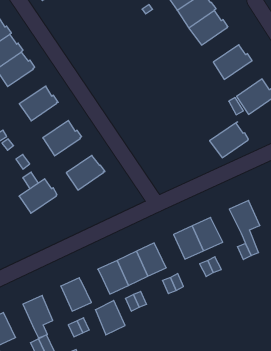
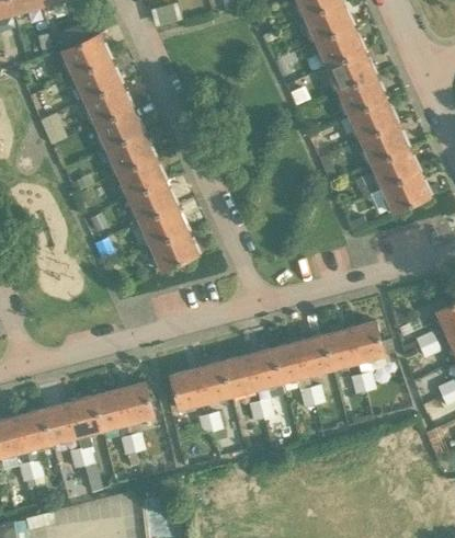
building: none -> [349,100,397,140]
building: none -> [95,110,145,150]
building: none -> [117,158,167,198]
building: [210,122,248,158] -> [369,147,419,188]
building: [19,179,57,213] -> [139,207,187,248]
building: none -> [322,329,357,369]
building: none -> [246,348,281,389]
building: [95,300,125,335] -> [93,389,127,431]
building: none -> [41,403,76,444]

